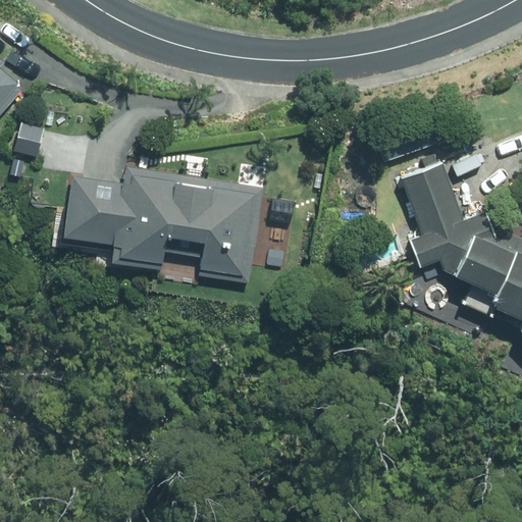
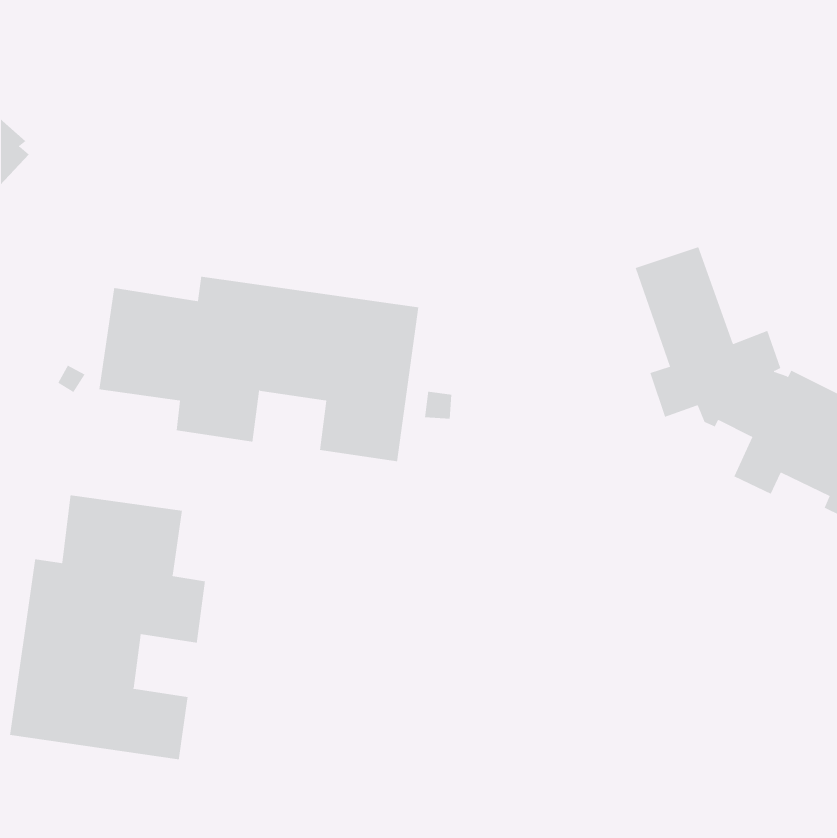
building: none -> [9,494,205,760]

